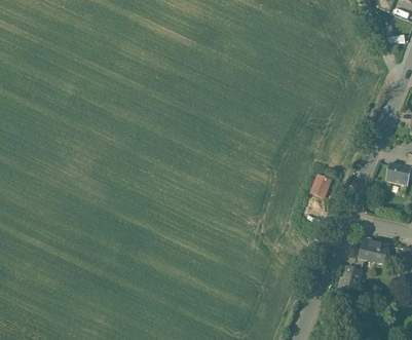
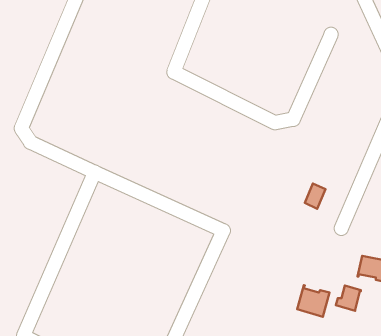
building: none -> [297,285,329,317]

